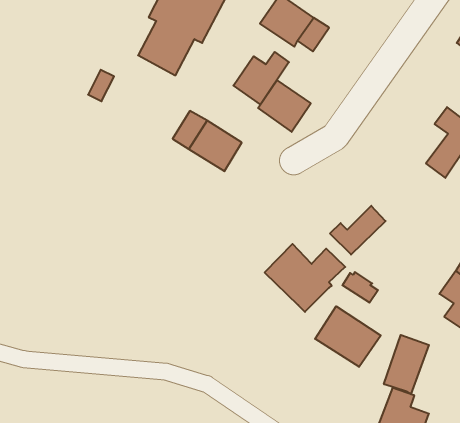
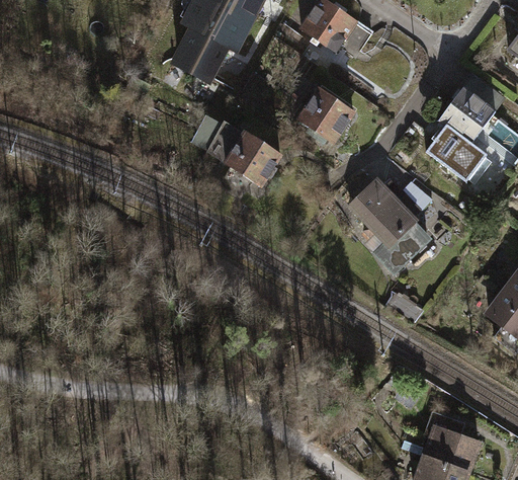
building: [233,52,289,104] -> none
building: none -> [426,85,495,180]
building: [265,244,345,312] -> [349,174,434,246]
building: [315,306,381,367] -> none
building: [384,335,429,394] -> none

